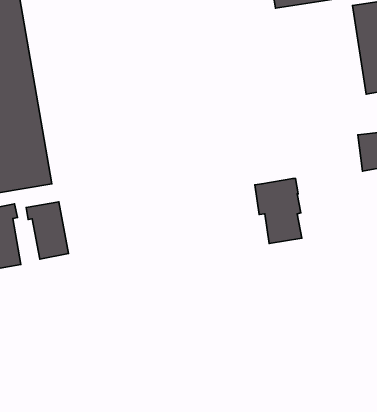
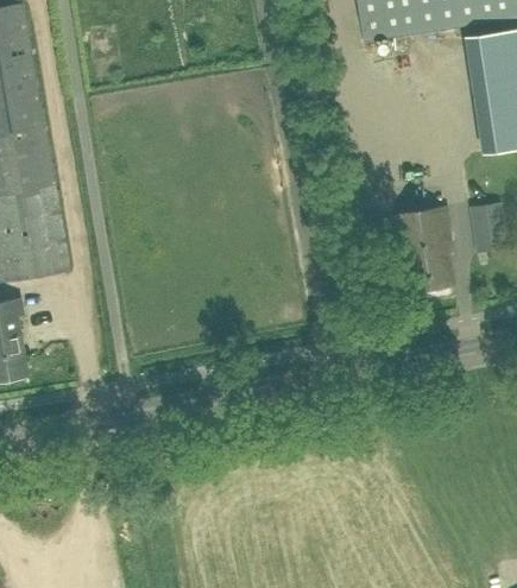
building: [255,178,302,244] -> [391,206,453,291]
building: [26,202,69,259] -> none

